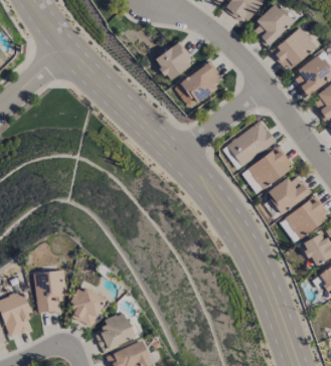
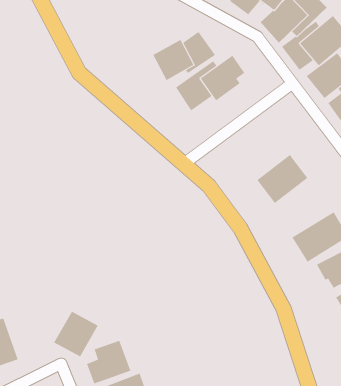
building: [225,121,275,167] -> none
building: [266,176,310,214] -> none
building: [33,270,65,314] -> none

